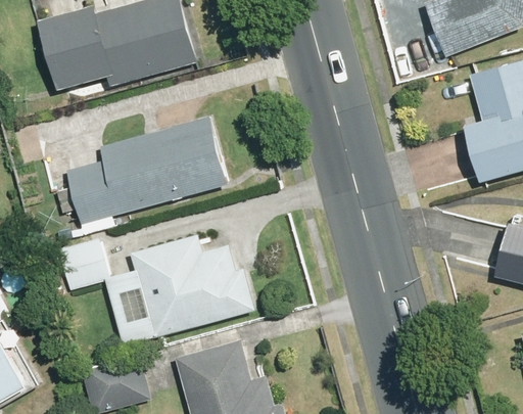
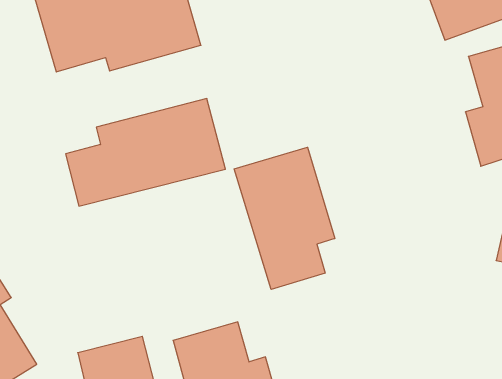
building: none -> [234,147,335,289]
building: [56,231,255,349] -> none

